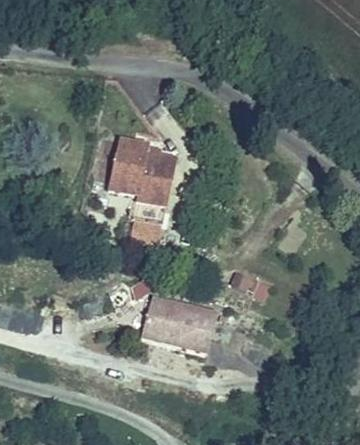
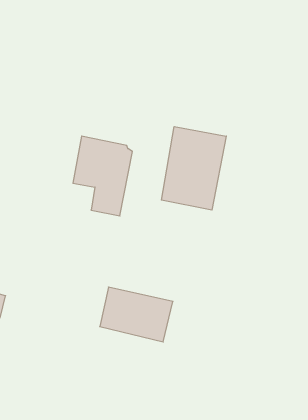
building: none -> [161,127,226,210]

